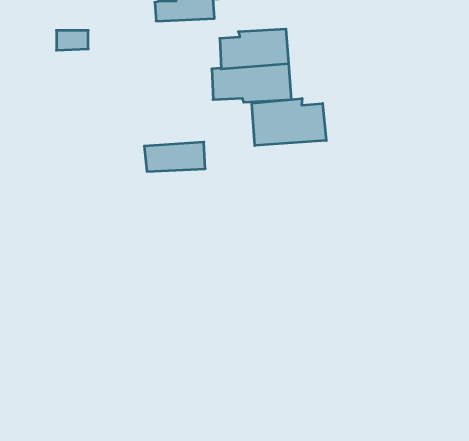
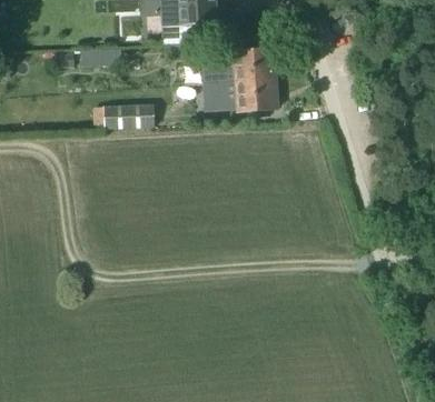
building: [252,98,326,146] -> none
building: [144,142,205,171] -> [100,104,151,129]

